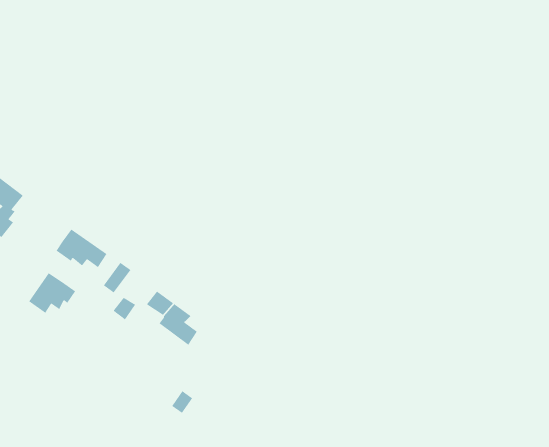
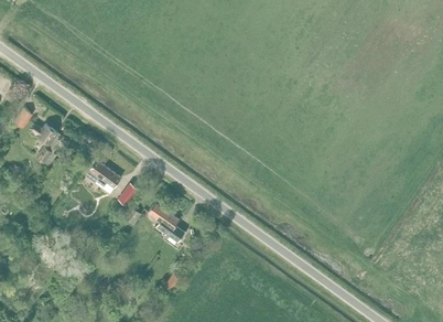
building: [28,272,76,314] -> none

